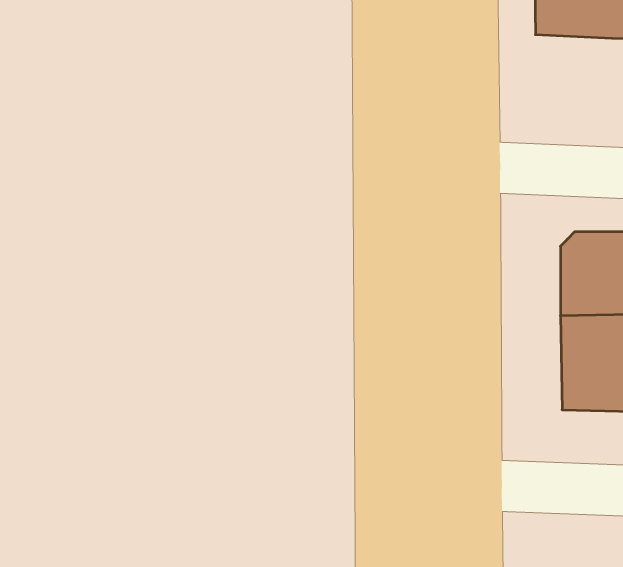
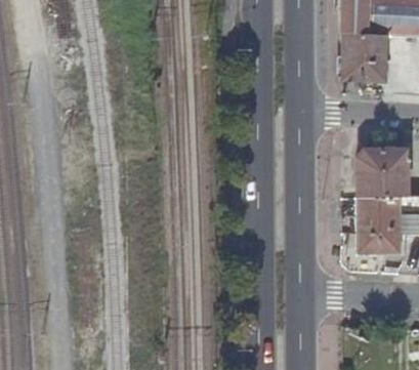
building: none -> [342,36,386,83]

